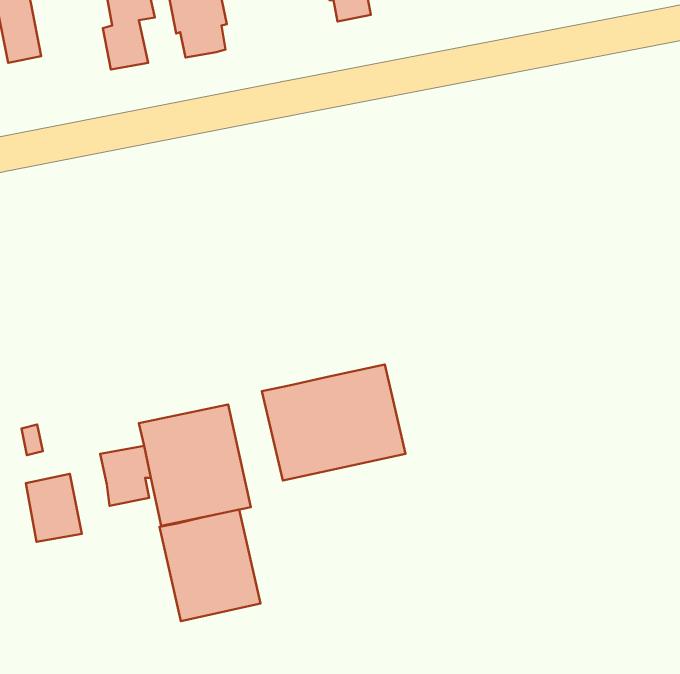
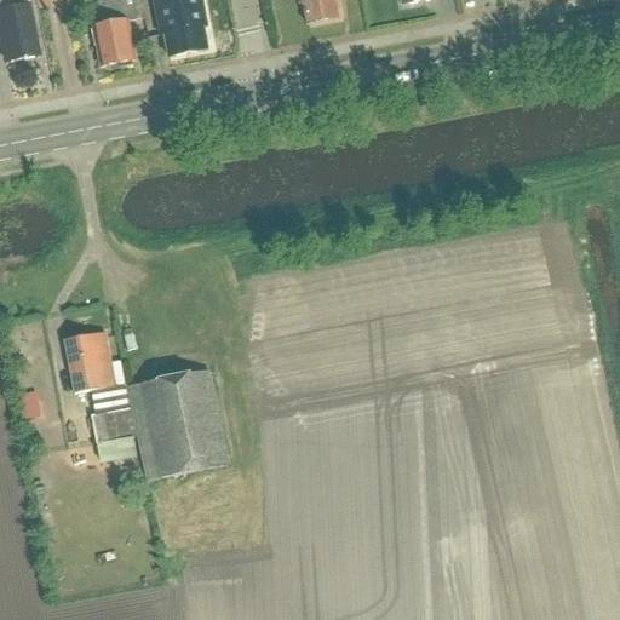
building: [262,364,406,481] -> none
building: [26,474,82,542] -> [64,328,115,390]
building: [159,510,260,621] -> none

